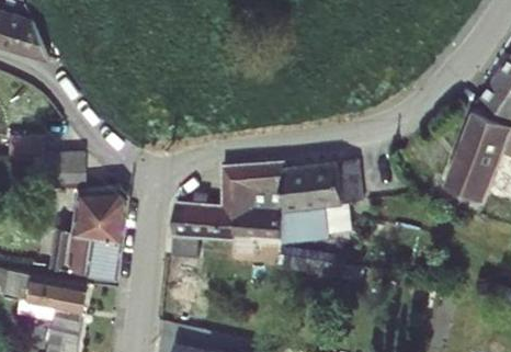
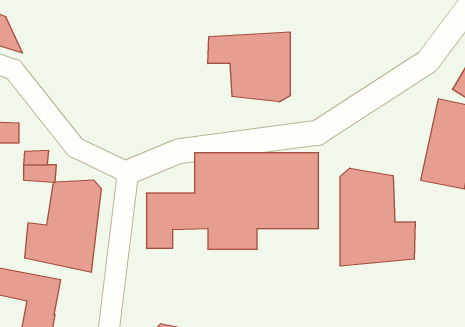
building: none -> [208,32,290,102]
building: none -> [340,168,415,266]

